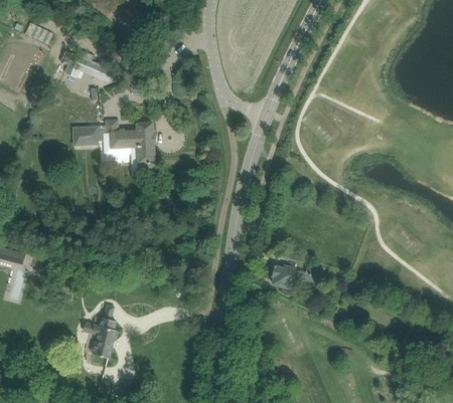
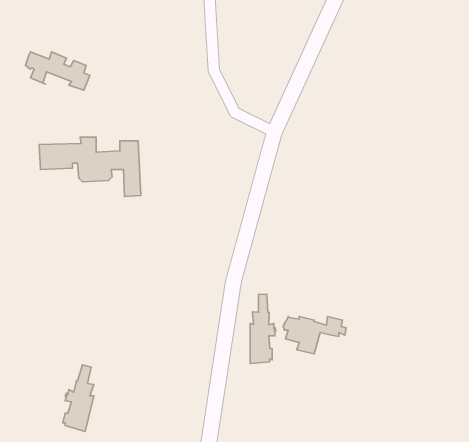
building: none -> [250,294,276,363]

